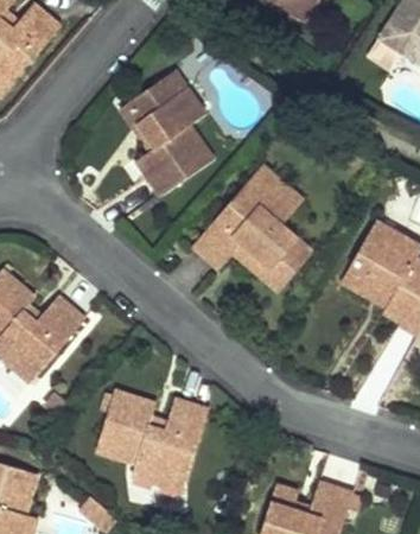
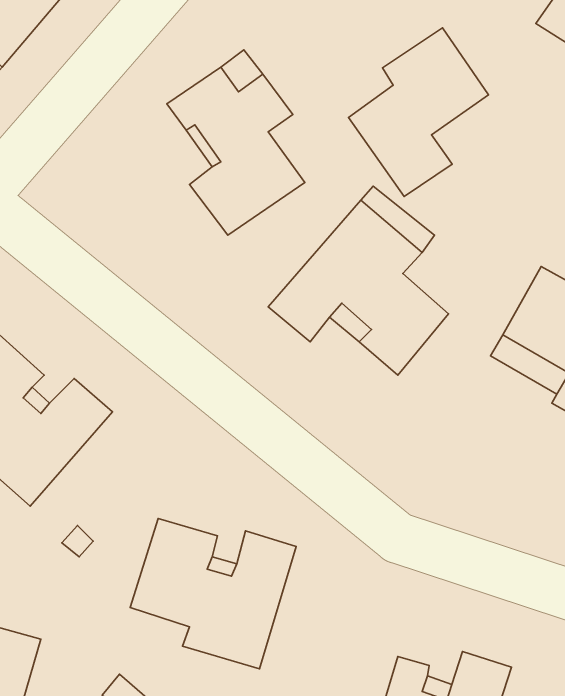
building: none -> [348,28,488,197]

